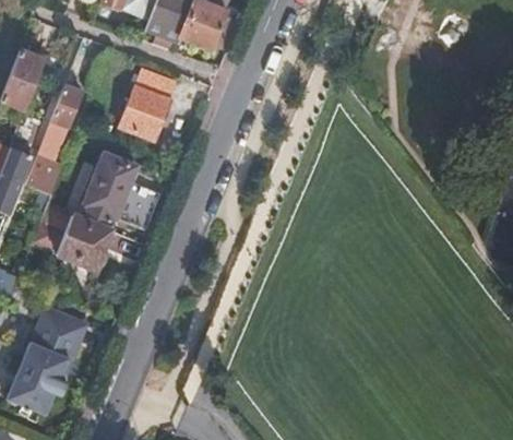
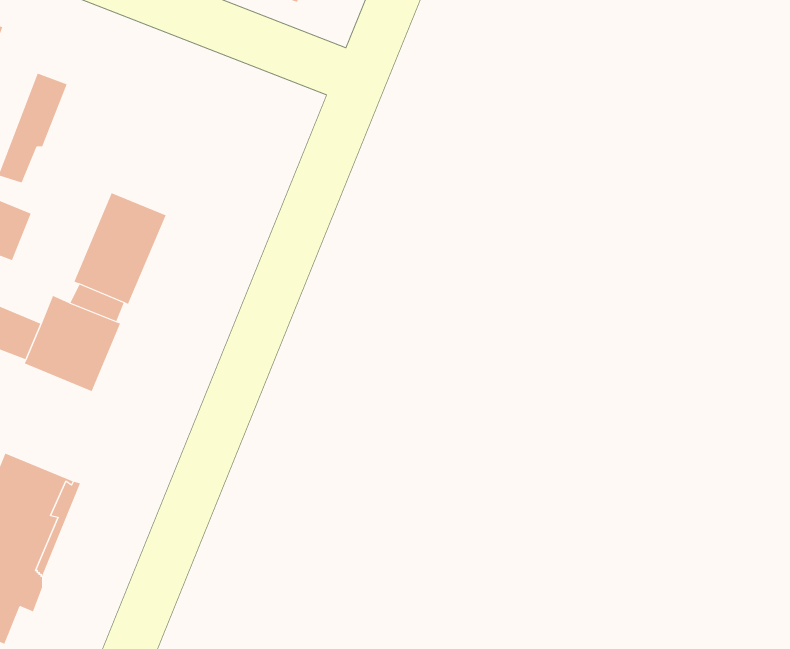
building: [119,68,176,140] -> none

